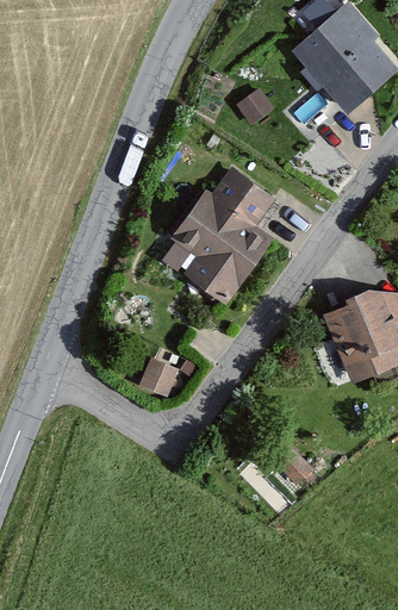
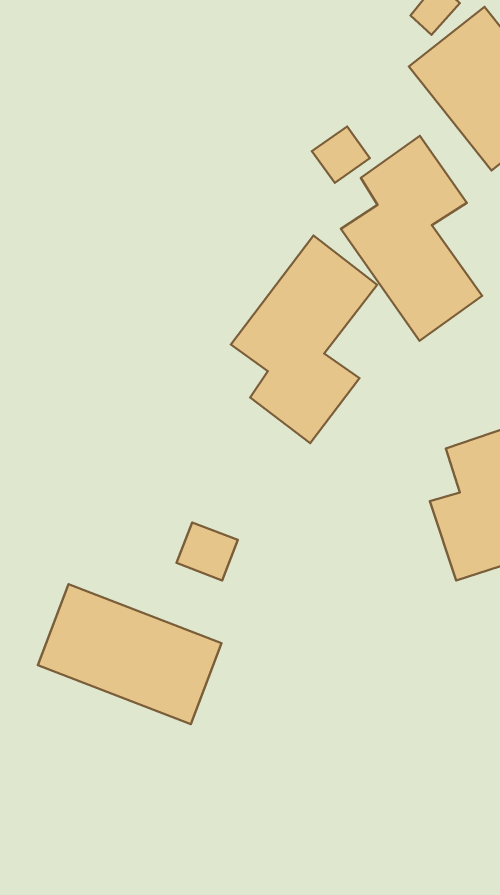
building: none -> [341,136,482,341]
building: none -> [38,584,222,724]

